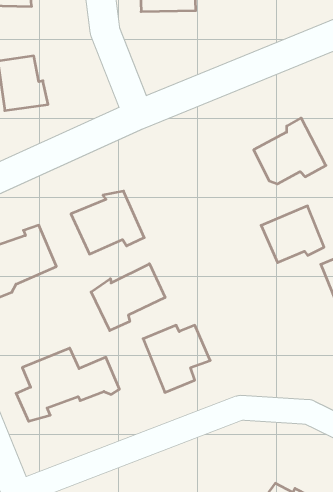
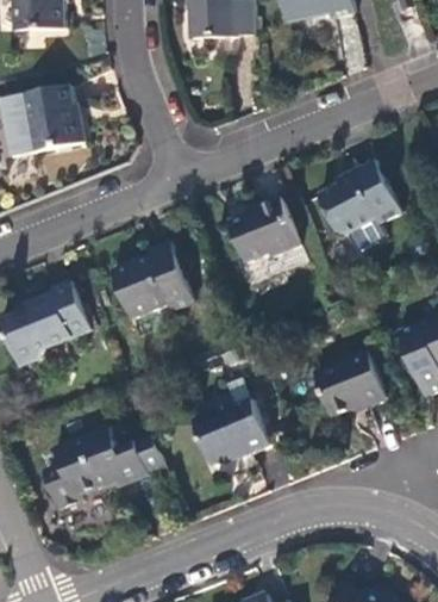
building: none -> [217,200,286,267]
building: [261,206,324,263] -> [312,347,384,412]
building: [91,264,165,331] -> none

